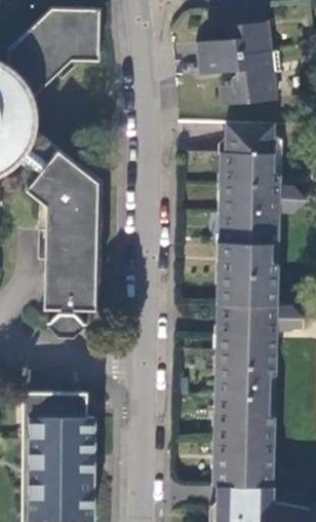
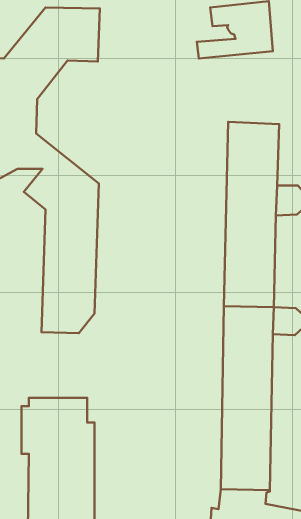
building: [197,50,281,105] -> none

